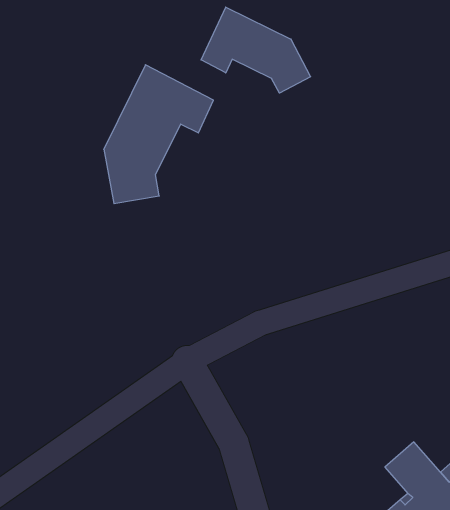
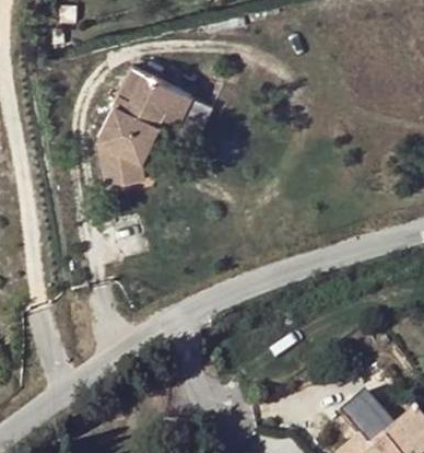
building: [201,7,311,93] -> none

